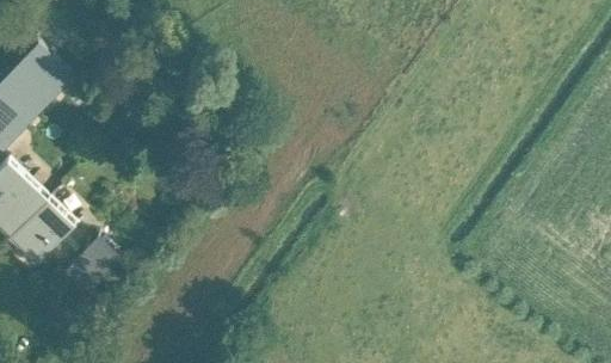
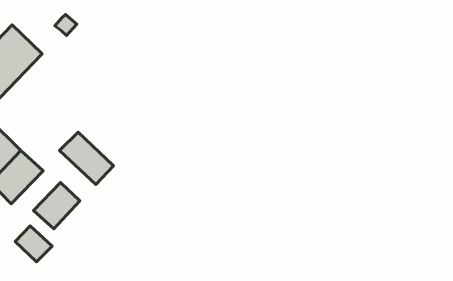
building: none -> [60,132,113,185]
building: none -> [15,226,52,262]

